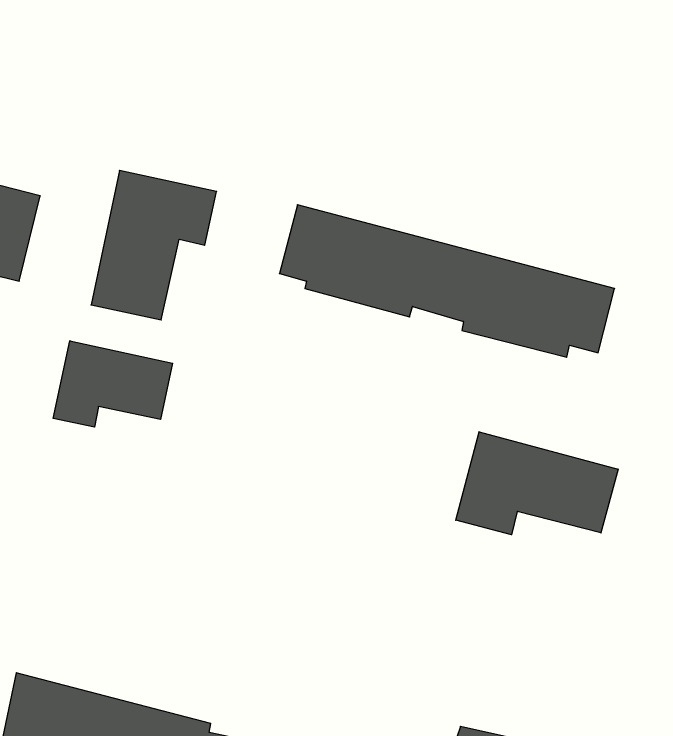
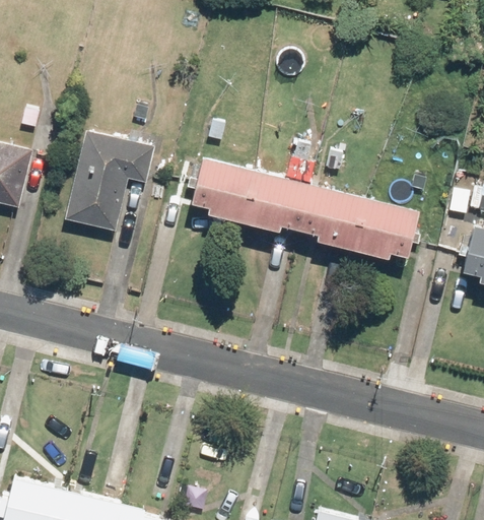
building: [53,341,173,427] -> none
building: [456,432,618,535] -> none

